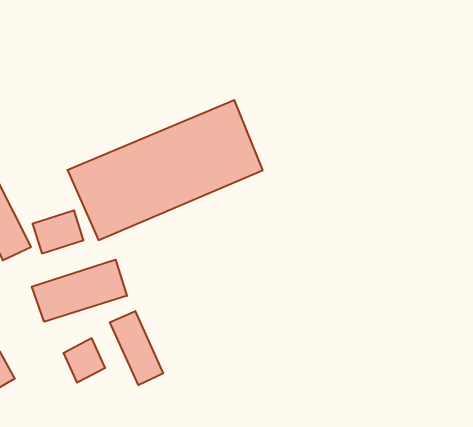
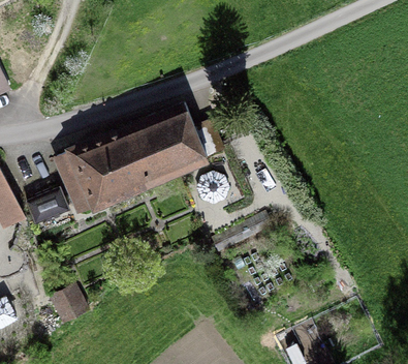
building: [32,260,127,322] -> none
building: [110,311,163,385] -> none

